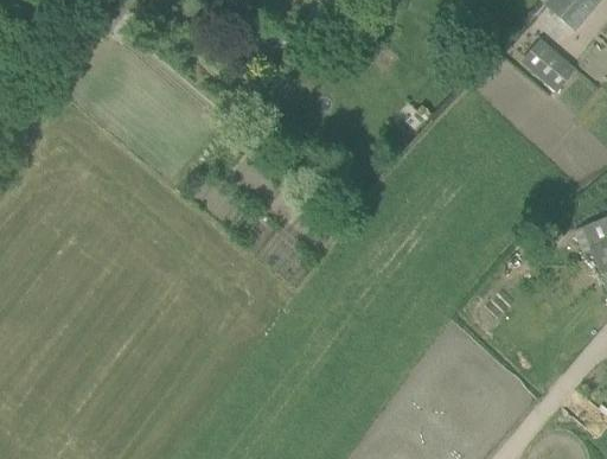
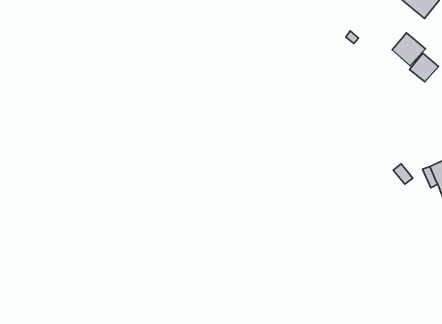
building: none -> [409,53,438,82]

